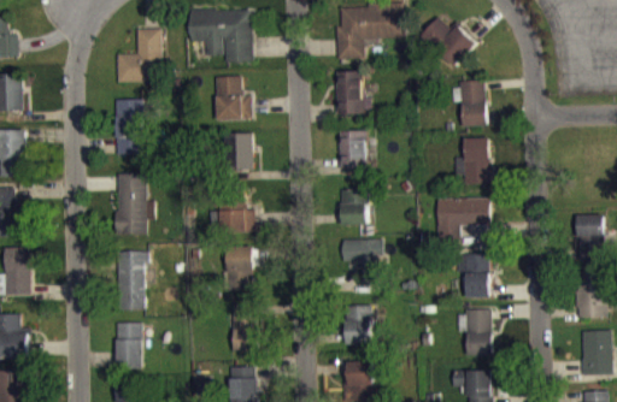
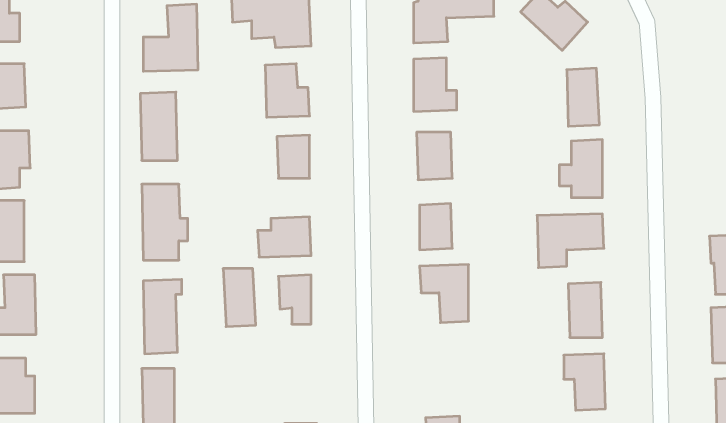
building: [231,305,258,351] -> [223,269,256,327]
building: [345,305,372,344] -> none

